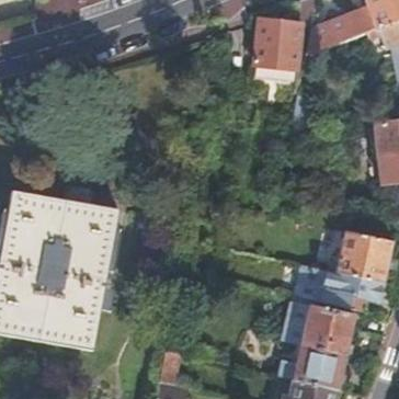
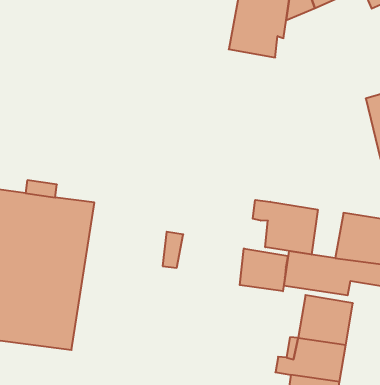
building: none -> [253,200,318,255]
building: none -> [240,248,288,291]

